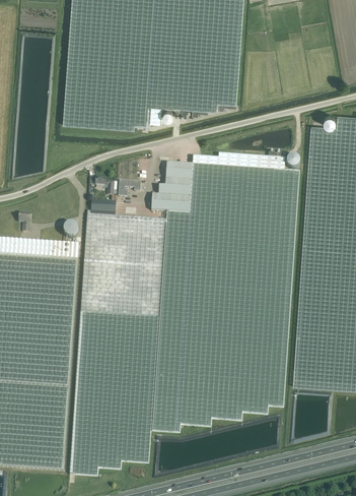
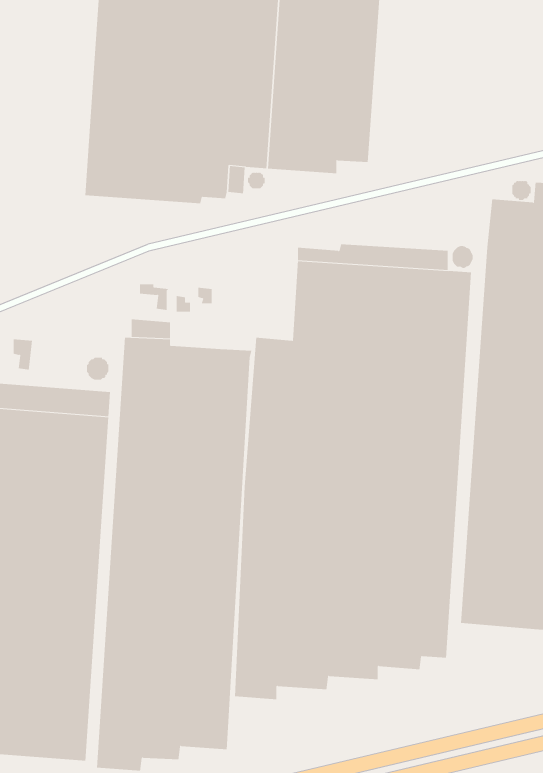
building: [151,163,193,213] -> none

